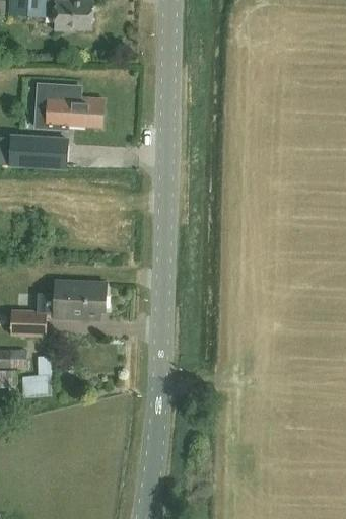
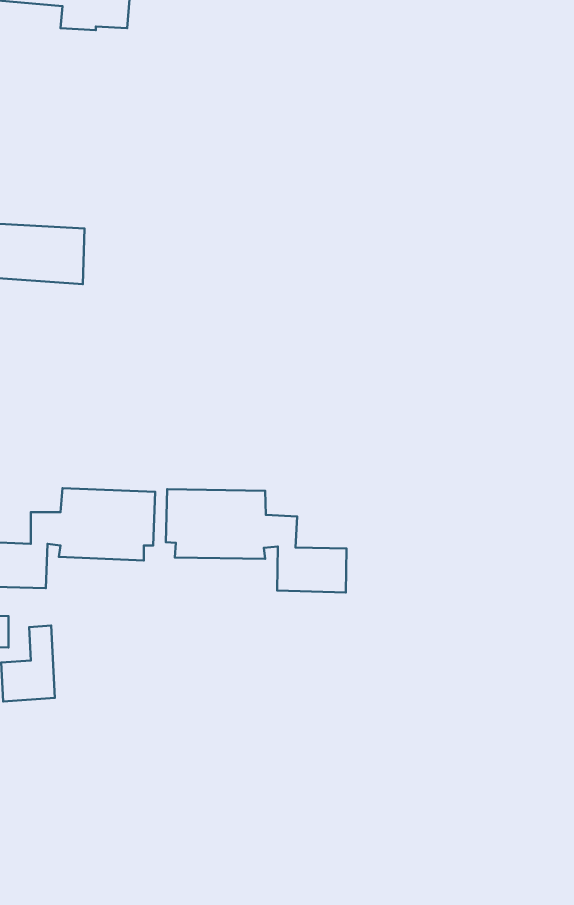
building: [47,95,102,126] -> none
building: none -> [166,489,346,593]

